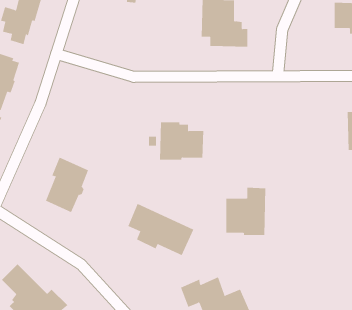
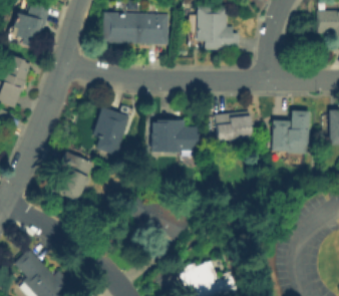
building: none -> [101,12,169,45]
building: none -> [91,106,129,156]
building: none -> [214,111,253,141]
building: [226,187,266,235] -> [272,109,309,154]

